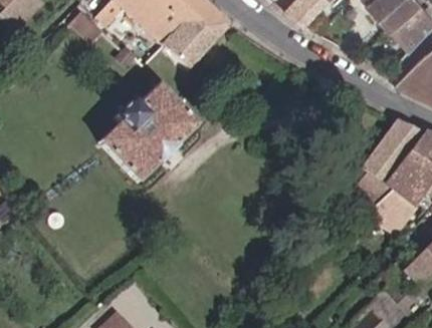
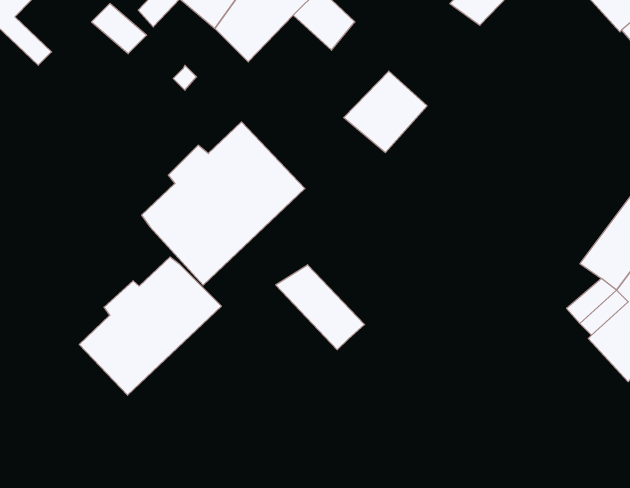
building: [163,19,213,68] -> [344,71,427,153]
building: none -> [79,257,221,395]
building: none -> [276,265,365,350]

